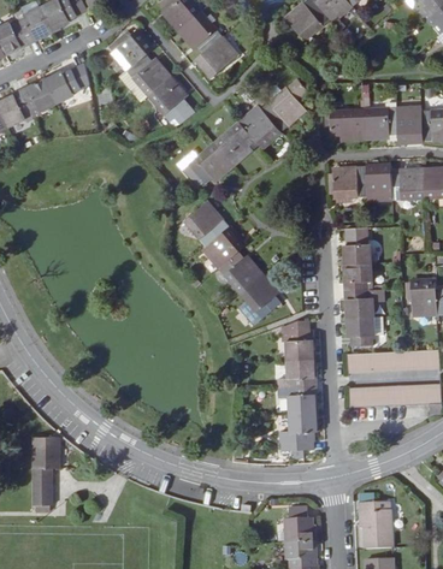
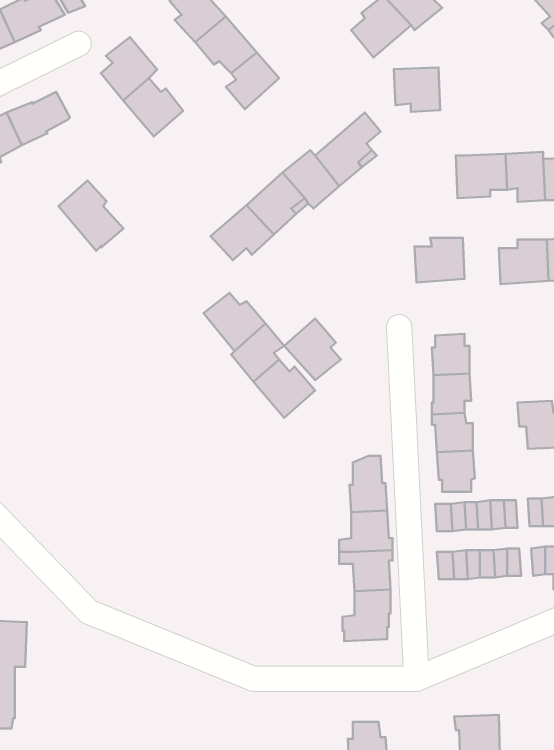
building: [149,78,195,128] -> [58,181,124,251]
building: [330,109,362,141] -> [394,67,440,112]
building: [366,166,392,201] -> none
building: [241,274,280,318] -> [284,318,341,380]

